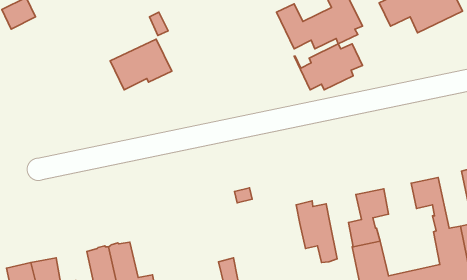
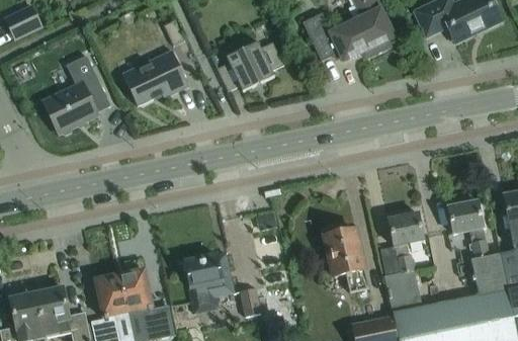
building: none -> [41,55,109,135]
building: [294,44,362,90] -> [209,41,283,91]
building: none -> [184,253,234,307]

